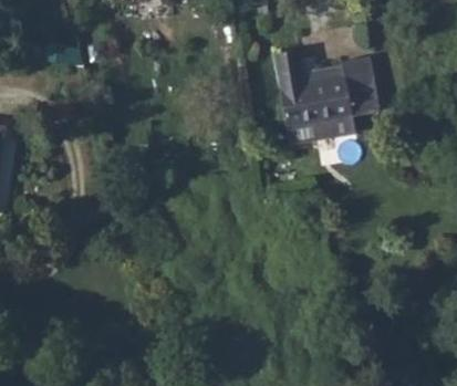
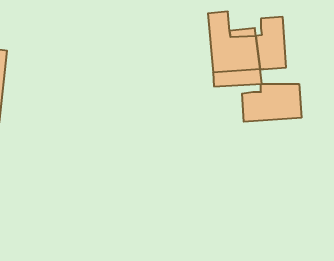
building: none -> [242,84,301,122]

